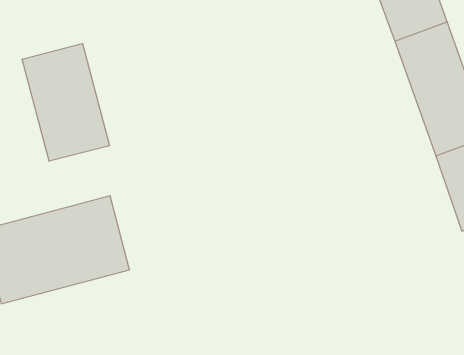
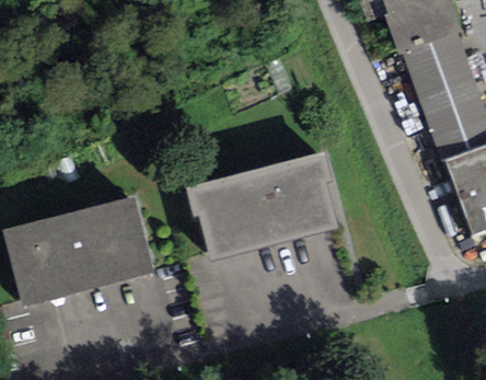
building: [22,44,110,161] -> none
building: none -> [184,152,332,257]

